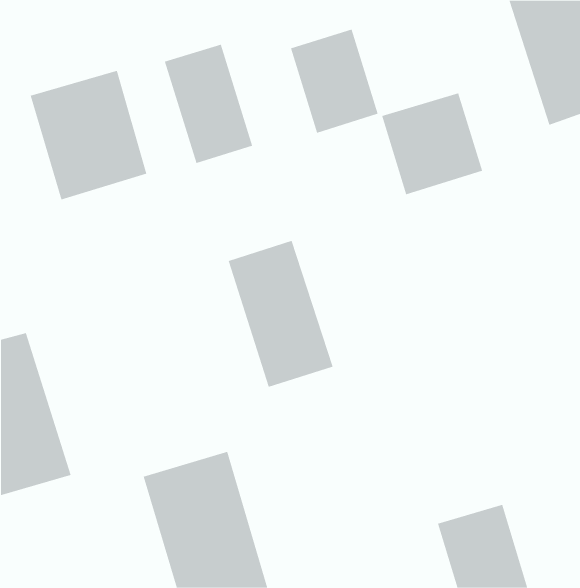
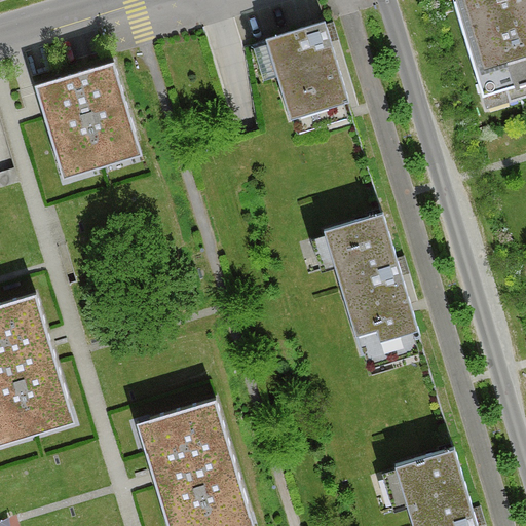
building: [164,44,253,164] -> none
building: [382,93,483,195] -> none
building: [228,240,334,387] -> [326,218,420,349]

